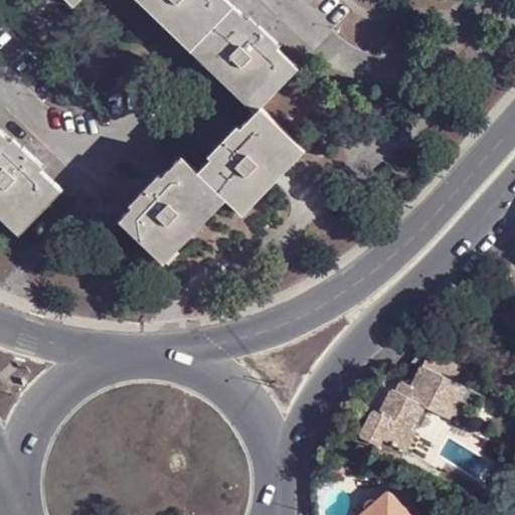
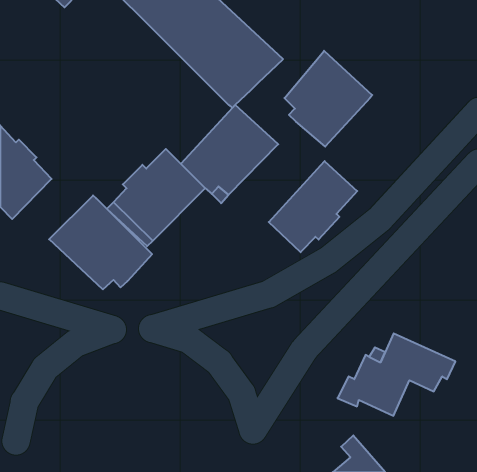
building: none -> [284,51,372,147]
building: none -> [269,161,357,252]
building: none -> [49,195,152,289]

